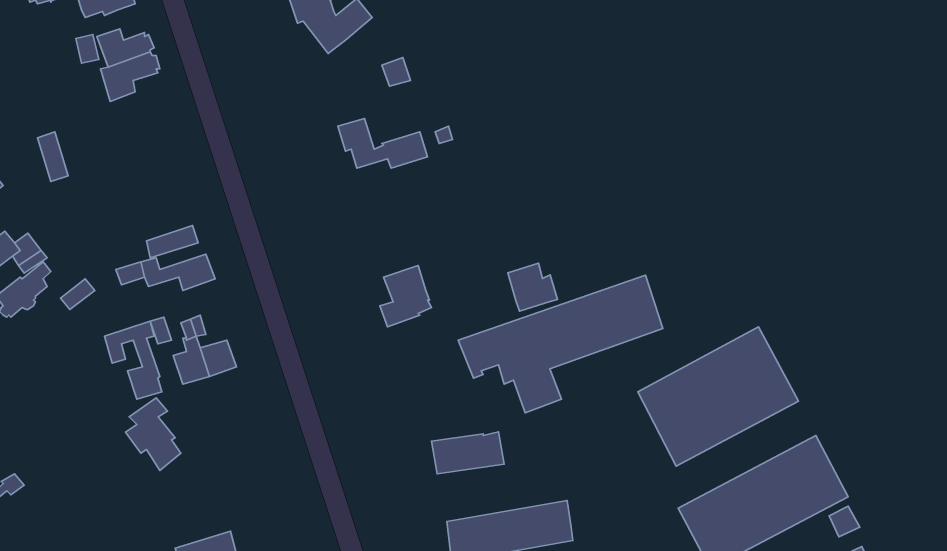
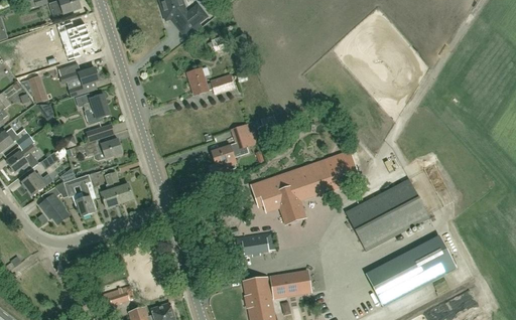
building: none -> [57,64,98,96]
building: none -> [83,94,109,125]
building: [508,263,558,311] -> [231,124,257,149]
building: none -> [21,172,52,195]
building: [126,398,181,470] -> [38,185,68,223]

